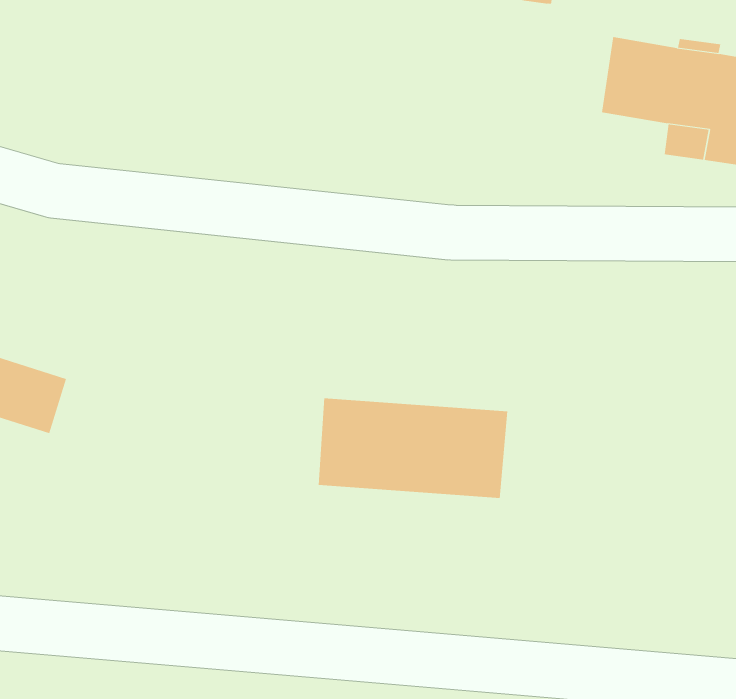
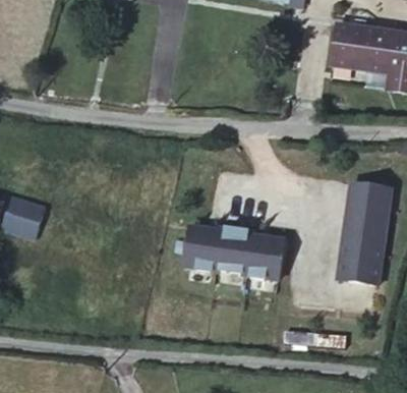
building: none -> [338,176,390,281]

